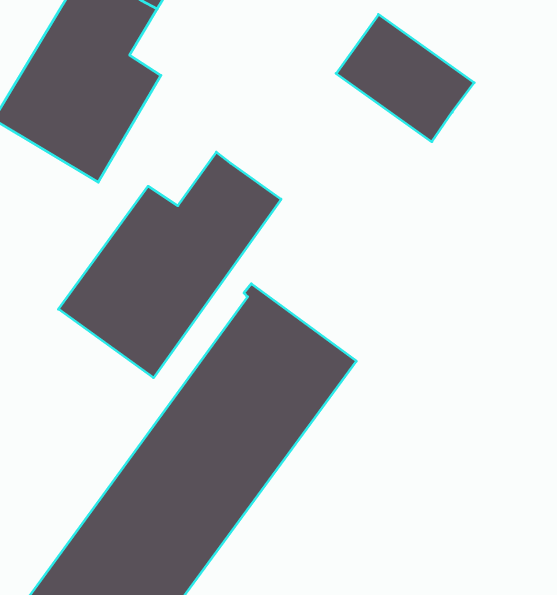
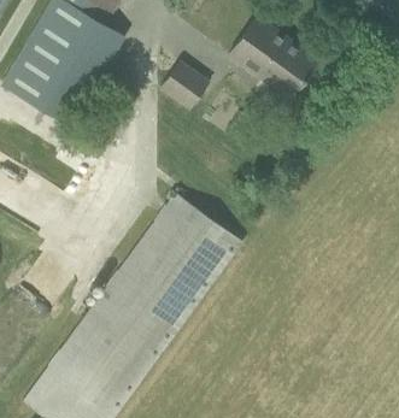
building: none -> [159,61,207,108]
building: [58,152,281,378] -> none

